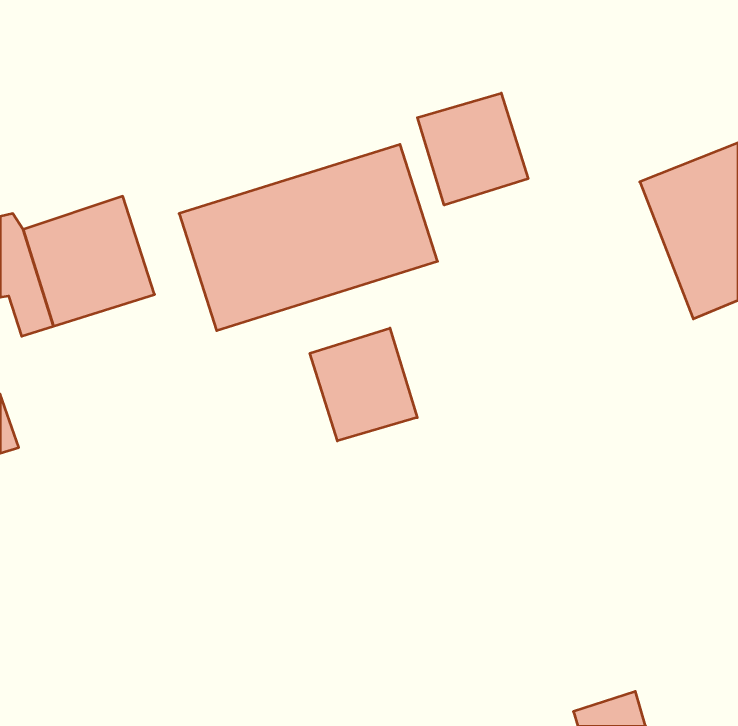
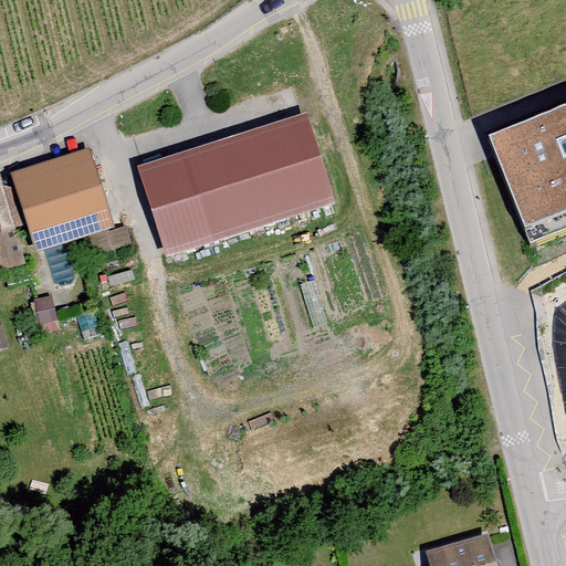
building: [417,93,528,205] -> none
building: [310,328,417,441] -> none

